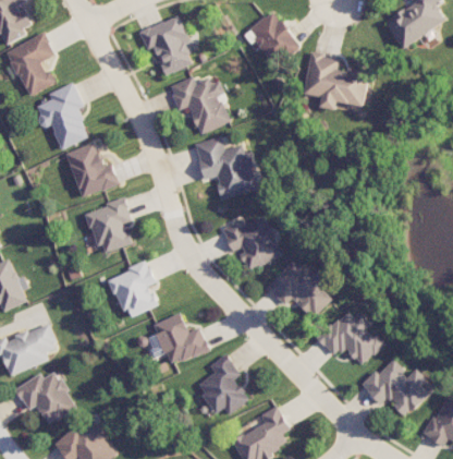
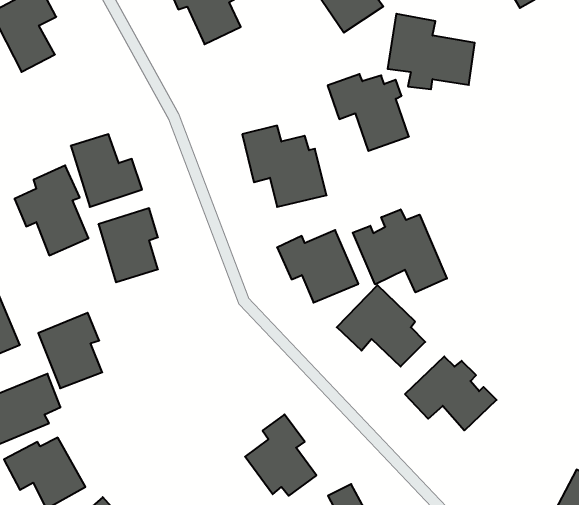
building: [167,77,228,135] -> [328,74,409,151]
building: [33,83,88,150] -> [14,165,89,255]
building: none -> [353,209,447,292]
building: [108,263,156,319] -> [38,313,102,388]
building: [151,314,207,366] -> none
building: [359,359,430,418] -> none

